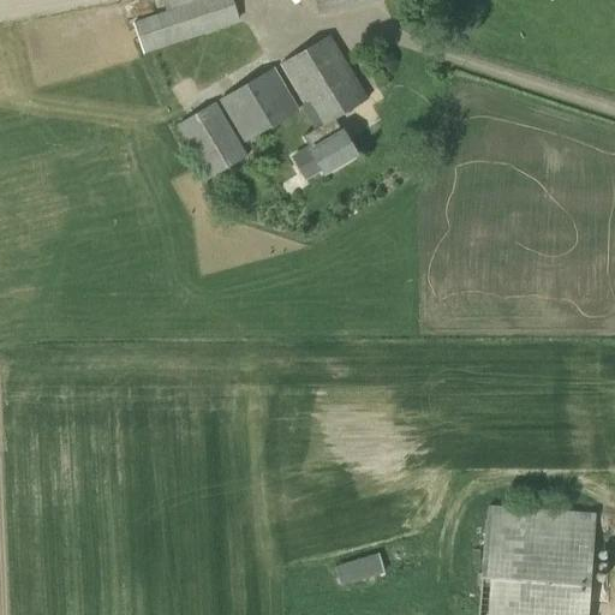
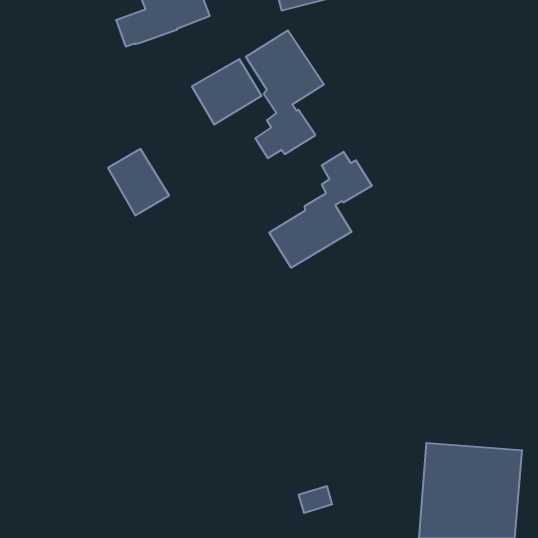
building: [179,102,249,178] -> [108,149,169,215]
building: none -> [269,152,372,268]

